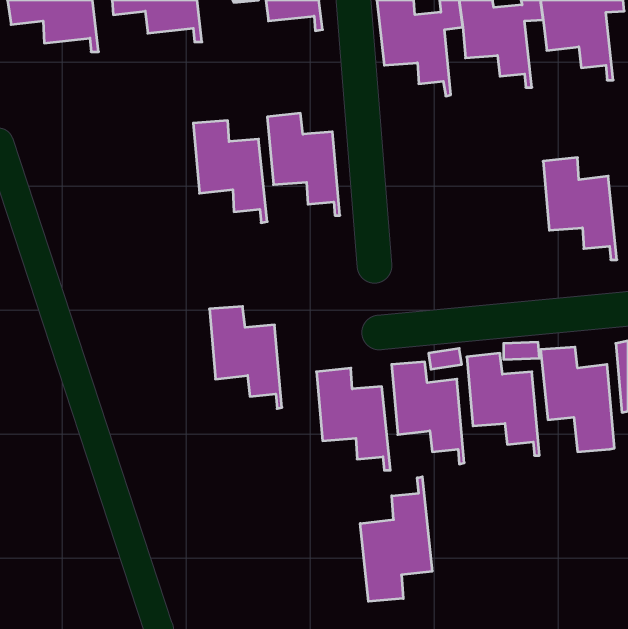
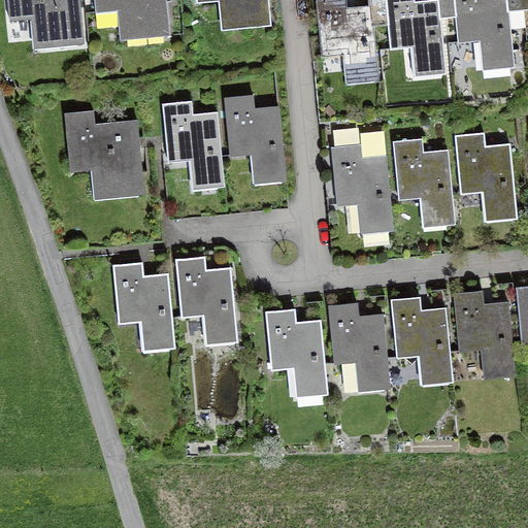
building: none -> [64,110,143,194]
building: none -> [393,138,455,224]
building: none -> [331,144,393,230]
building: none -> [112,262,174,348]
building: [360,477,432,601] -> none

